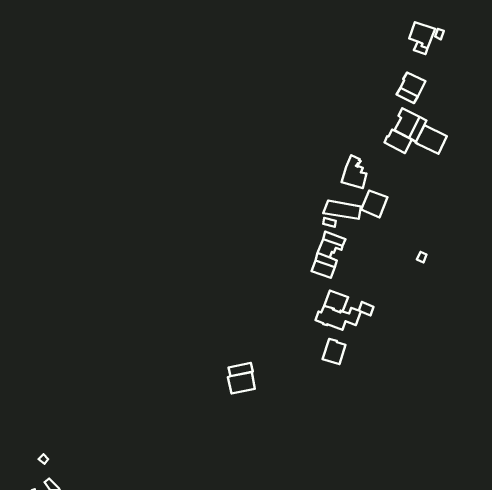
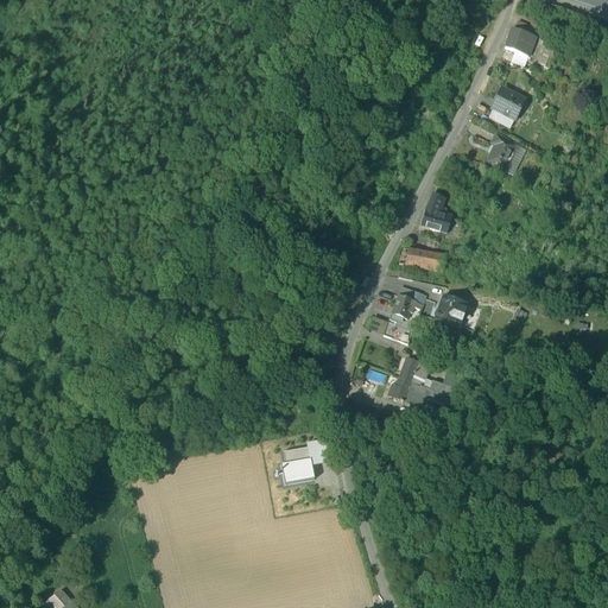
building: [415,125,447,154] -> none
building: [384,130,412,153] -> none
building: [361,190,387,217] -> [436,294,468,328]
building: [323,339,345,364] -> none

